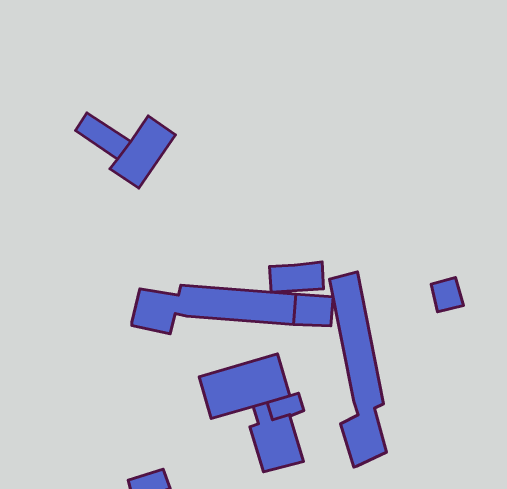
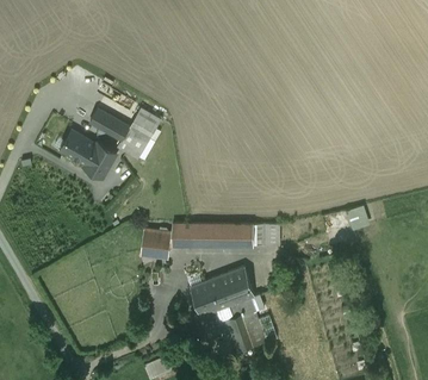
building: none -> [63,131,116,177]
building: [269,262,323,292] -> none
building: [330,272,387,467] -> none

